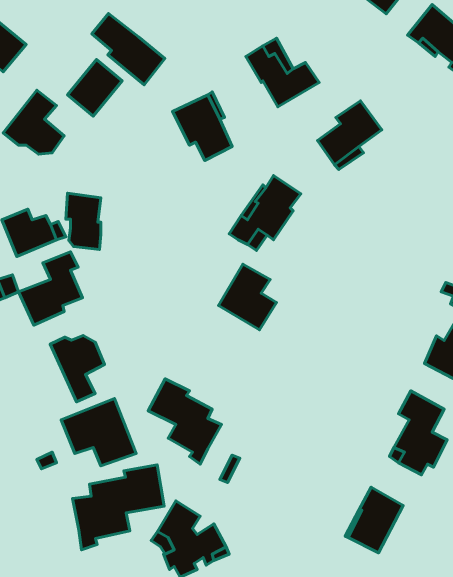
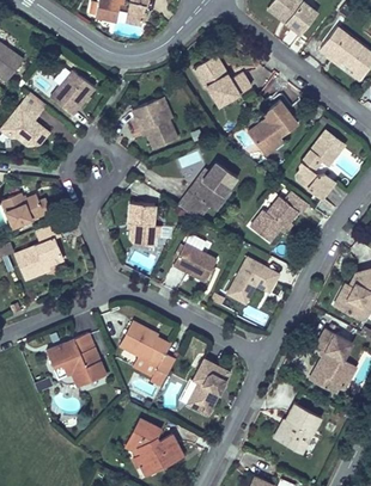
building: [92,14,165,85] -> none
building: none -> [290,127,342,201]
building: [66,193,101,250] -> [130,203,158,247]
building: none -> [253,195,310,246]
building: none -> [229,258,281,306]
building: [50,335,105,402] -> none
building: none -> [184,361,229,417]
building: [73,465,164,550] -> none

